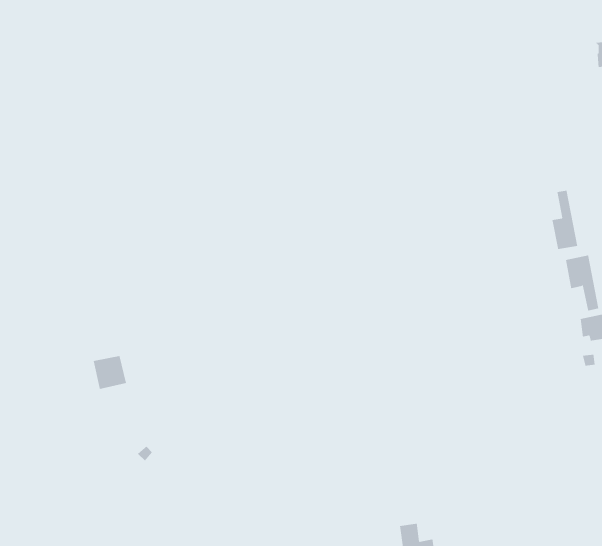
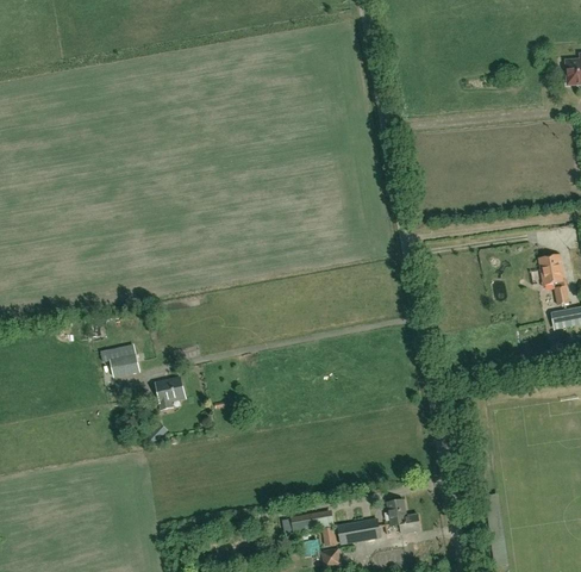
building: [552,190,578,250] -> none
building: none -> [155,378,185,403]

